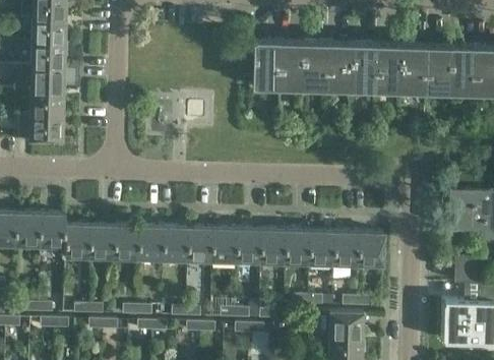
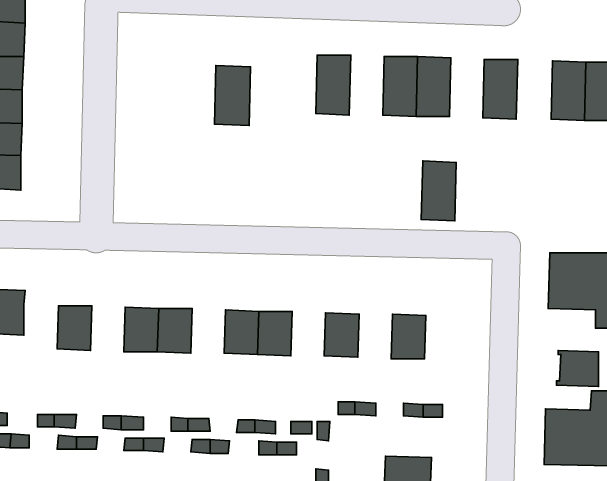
building: [253,43,280,86] -> [214,66,251,125]
building: [303,44,328,87] -> none
building: [376,46,402,89] -> [421,161,456,221]
building: [425,47,451,91] -> none
building: [64,226,90,258] -> none
building: [114,227,139,260] -> none
building: [187,229,212,261] -> none
building: [260,231,286,263] -> none
building: [309,233,334,265] -> none
building: [358,234,384,266] -> none
building: [329,312,363,338] -> none

